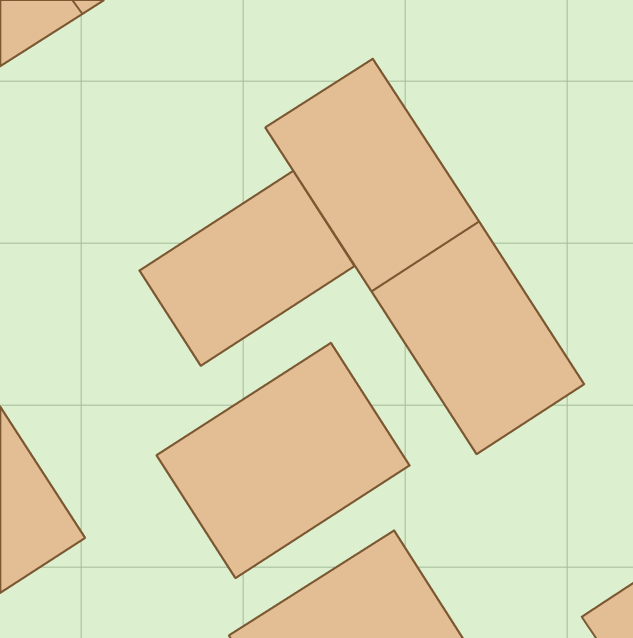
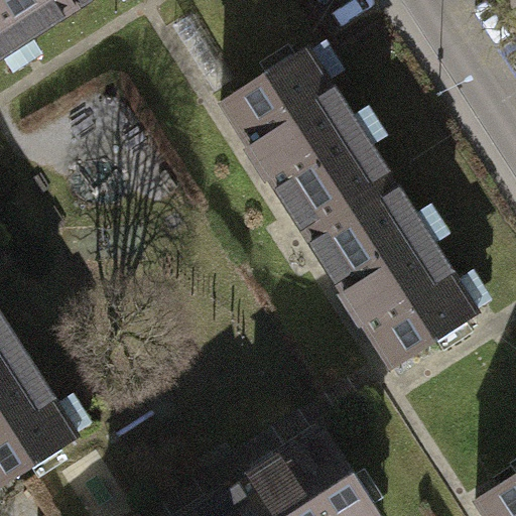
building: [139,171,355,366] -> none
building: [157,343,410,578] -> none

